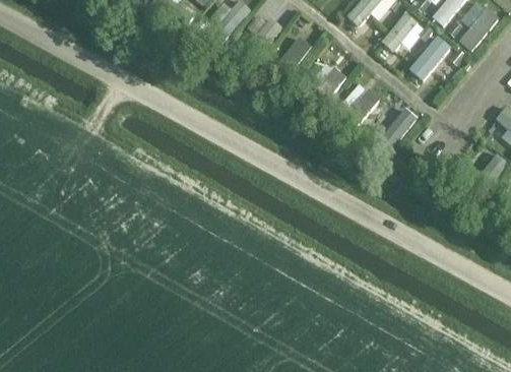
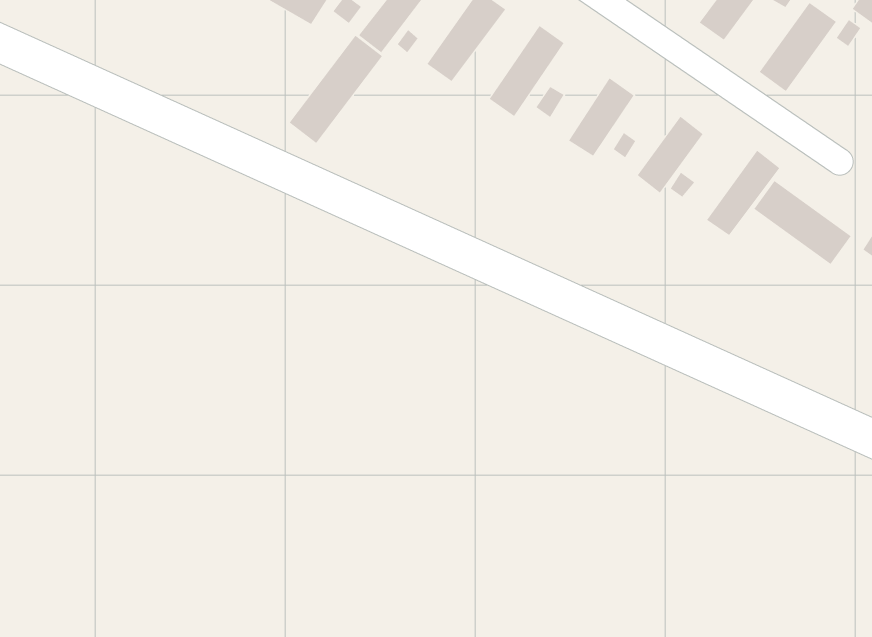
building: none -> [289,35,383,144]
building: none -> [754,180,851,265]

